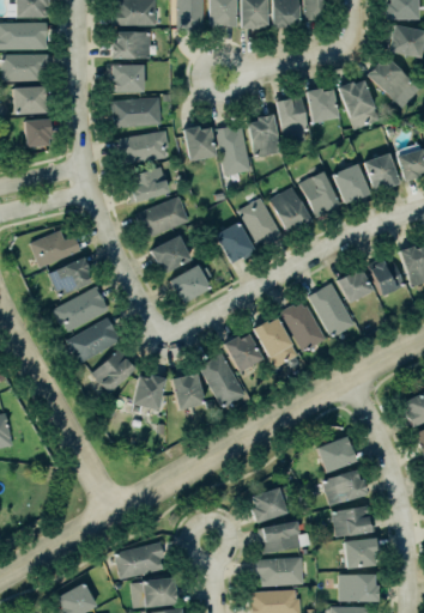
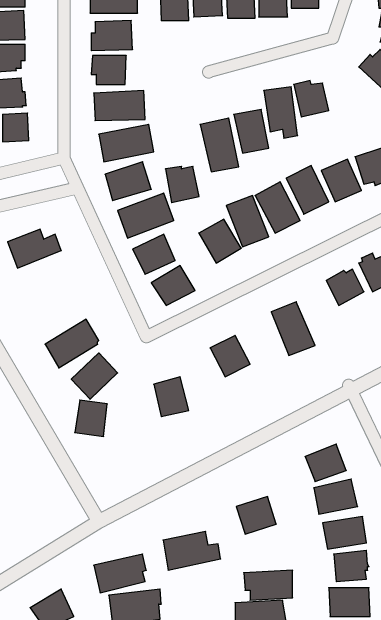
building: [338,81,380,131] -> none
building: [183,127,216,162] -> [165,166,199,203]
building: [49,259,91,297] -> none
building: [310,283,357,338] -> none
building: [52,285,108,333] -> none
building: [255,317,298,369] -> none
building: [199,353,246,407] -> none
building: [134,375,165,409] -> [75,400,107,436]
building: [256,520,311,557] -> [163,531,221,570]

